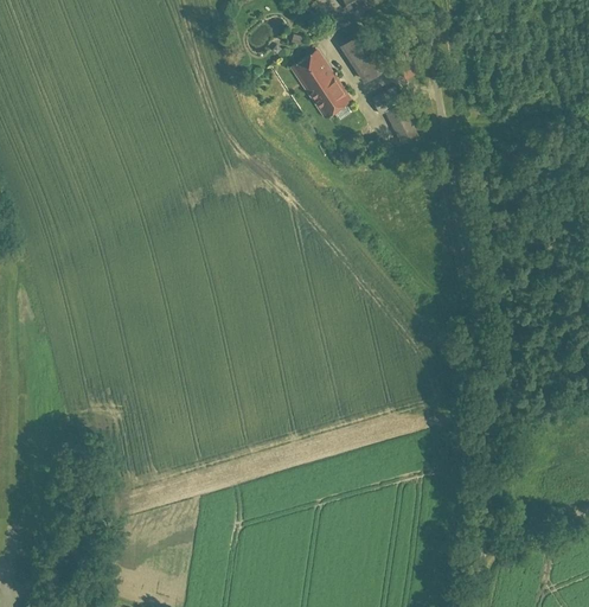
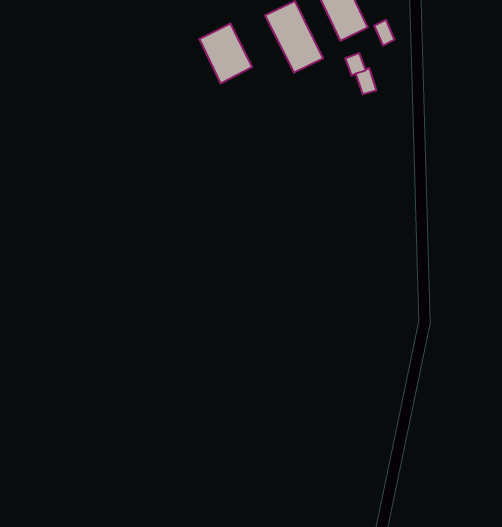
building: none -> [199,23,252,83]

